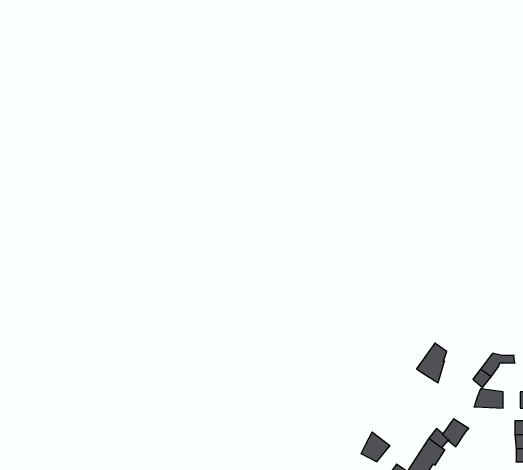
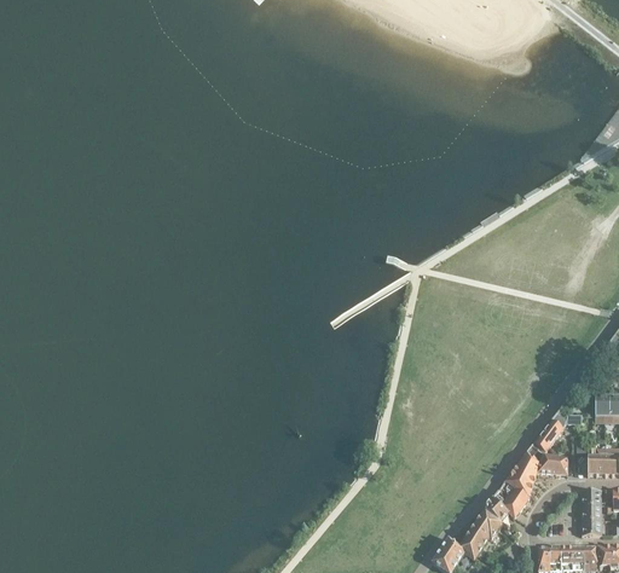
building: [417,343,447,383] -> [505,453,539,498]
building: [361,432,390,462] -> none

